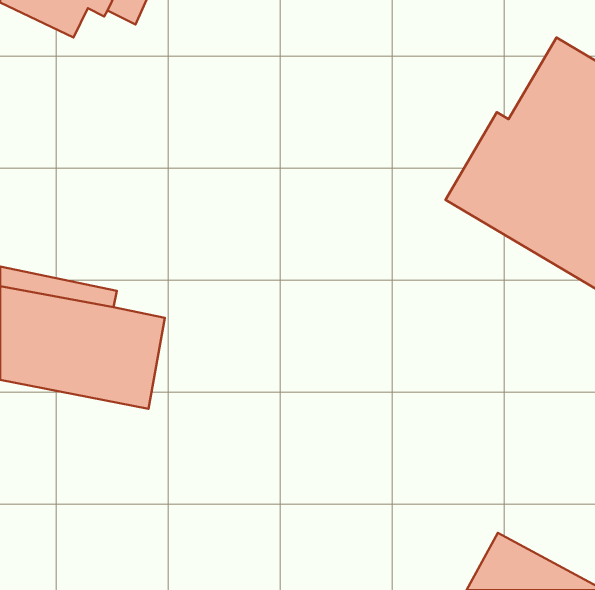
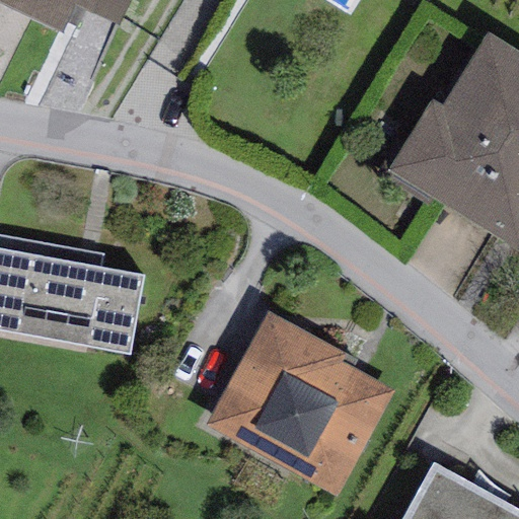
building: none -> [207,310,394,494]

